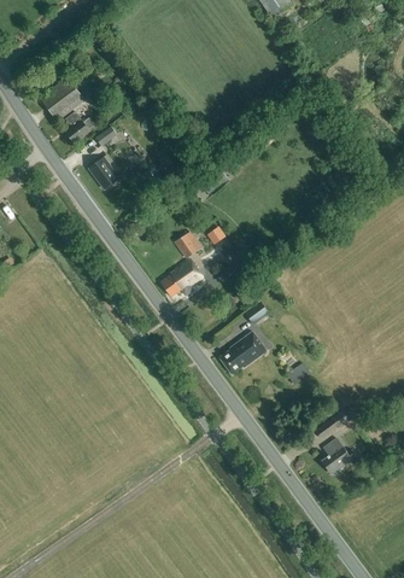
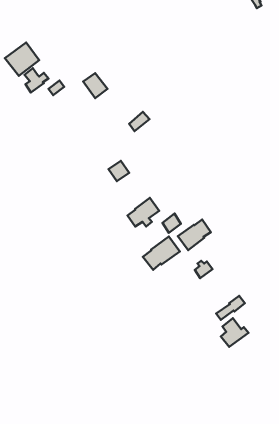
building: [89,157,121,189] -> [83,73,107,98]
building: [162,258,203,296] -> [128,198,159,226]
building: none -> [178,220,211,250]

